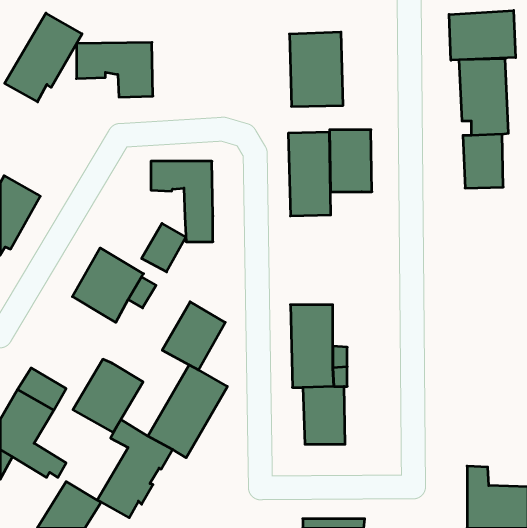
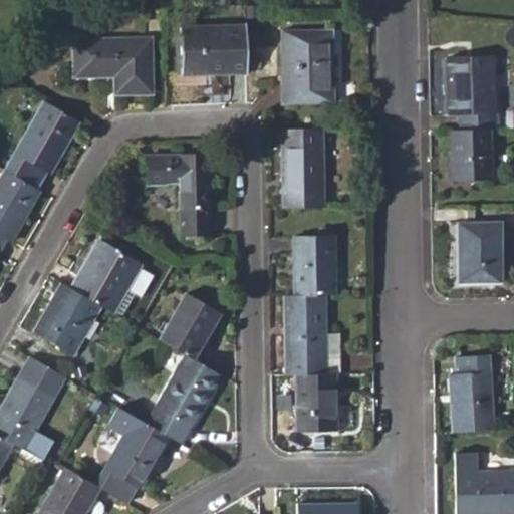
building: [449,10,516,60] -> none
building: [5,13,82,102] -> [5,102,80,189]
building: none -> [180,27,248,74]
building: [330,130,372,192] -> [293,236,334,296]
building: [142,223,186,272] -> none
building: none -> [458,225,501,284]
building: [73,359,143,433] -> [33,284,101,355]
building: none -> [449,355,492,433]

